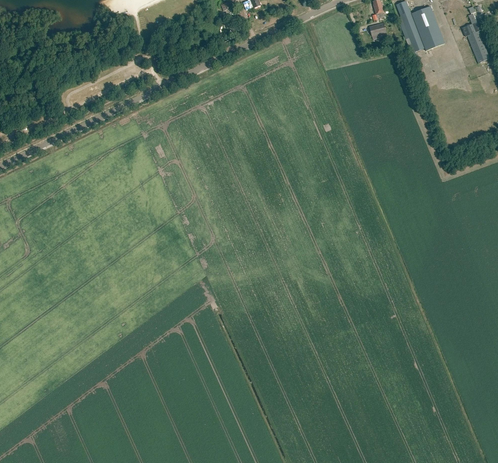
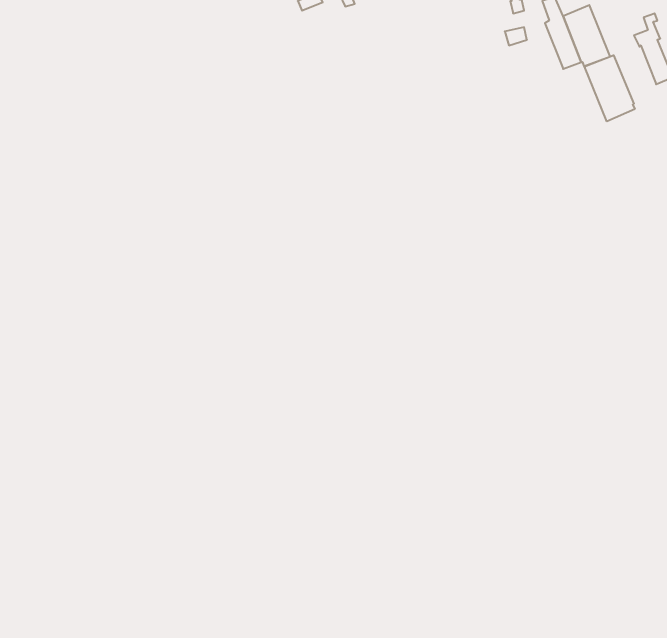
building: none -> [585,55,635,121]

